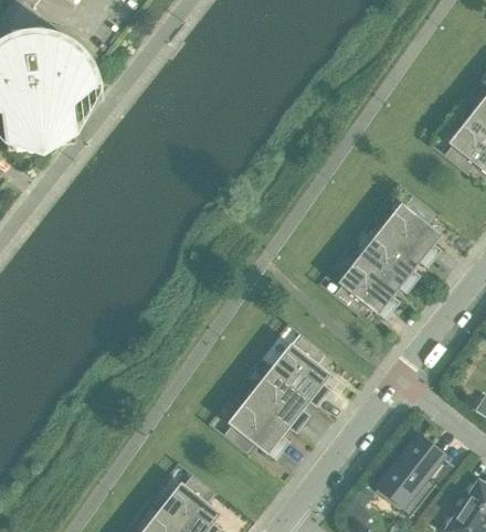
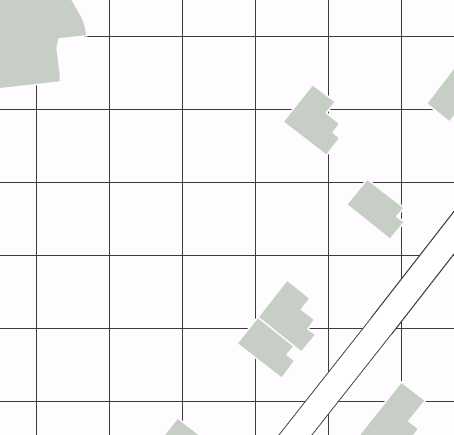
building: [381,193,439,265] -> [283,84,340,156]
building: [330,256,404,318] -> none
building: [220,396,295,458] -> none

